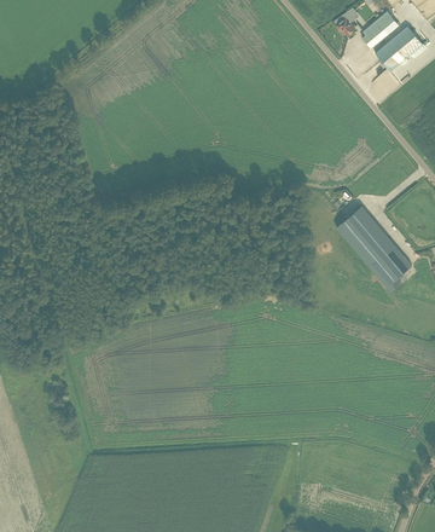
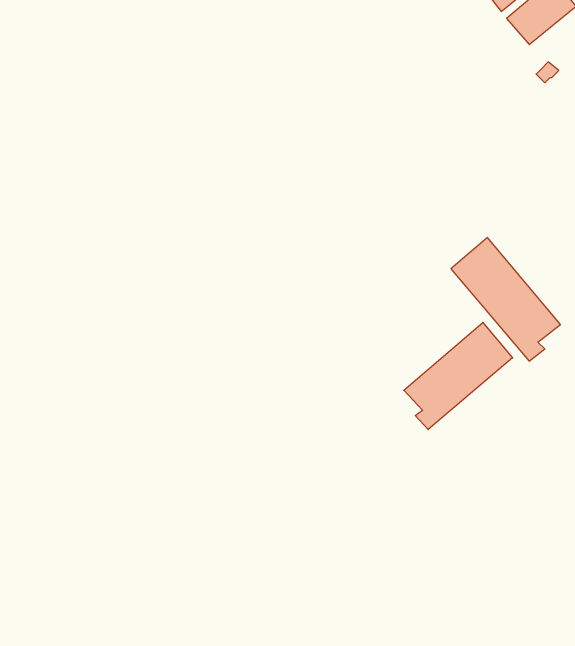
building: none -> [404,322,513,430]

